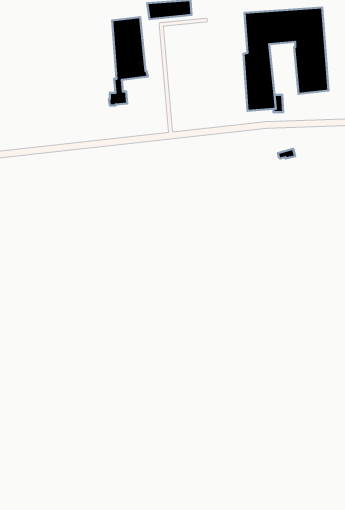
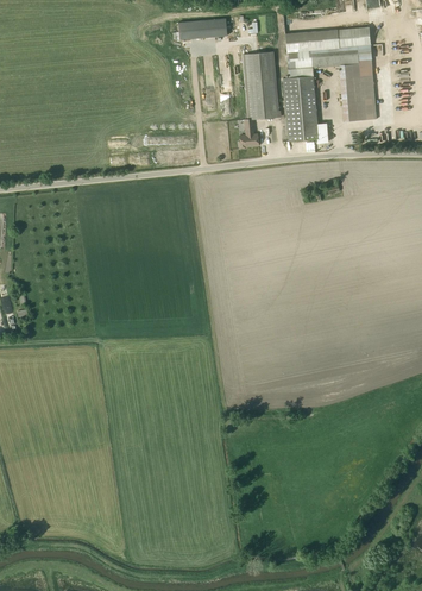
building: [109,17,148,106] -> [239,50,282,147]

